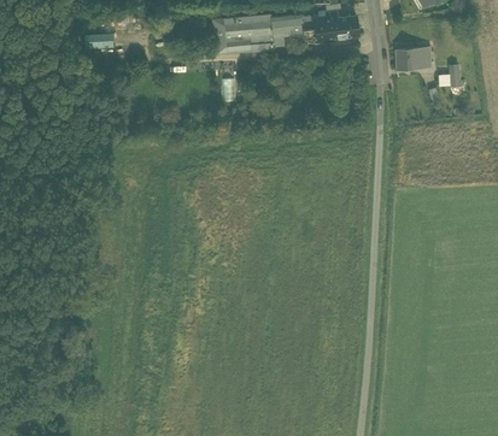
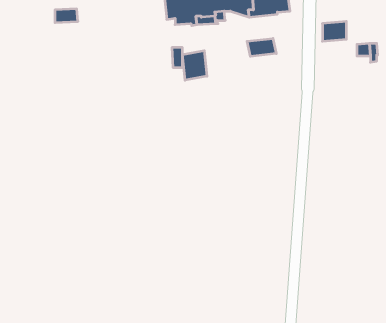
building: none -> [247,38,276,56]
building: none -> [182,51,207,80]

